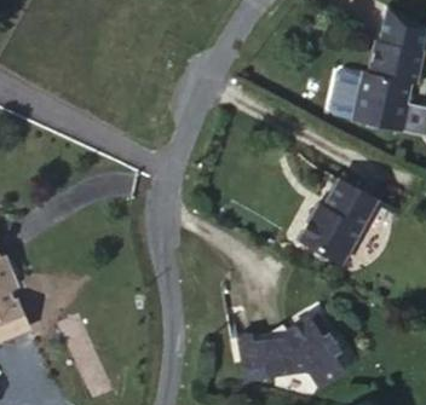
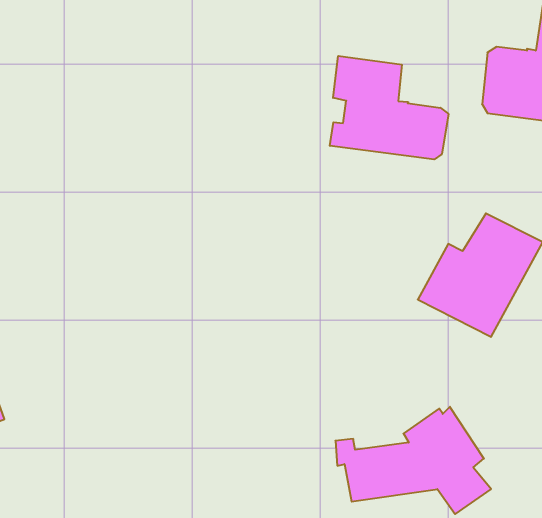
building: none -> [330,56,448,159]

